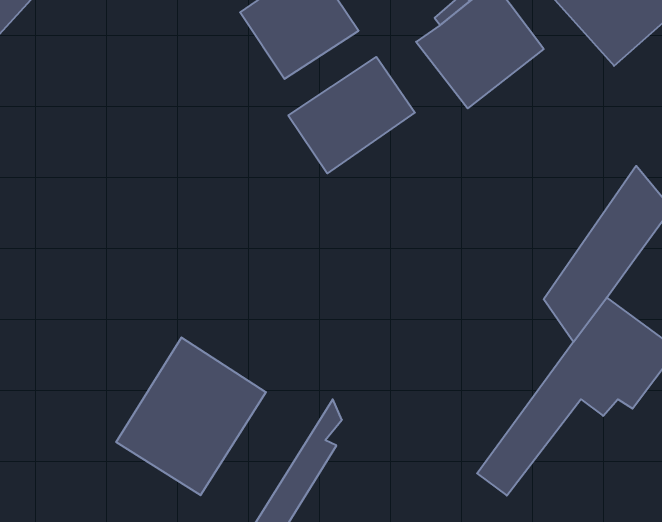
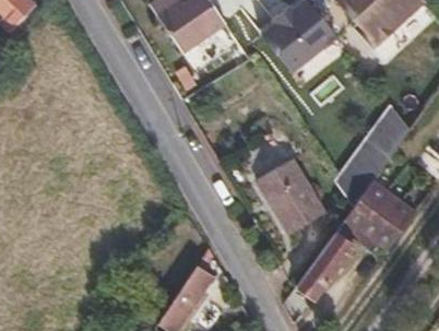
building: [288,57,415,173] -> none
building: none -> [257,159,324,236]
building: [116,337,266,495] -> none

